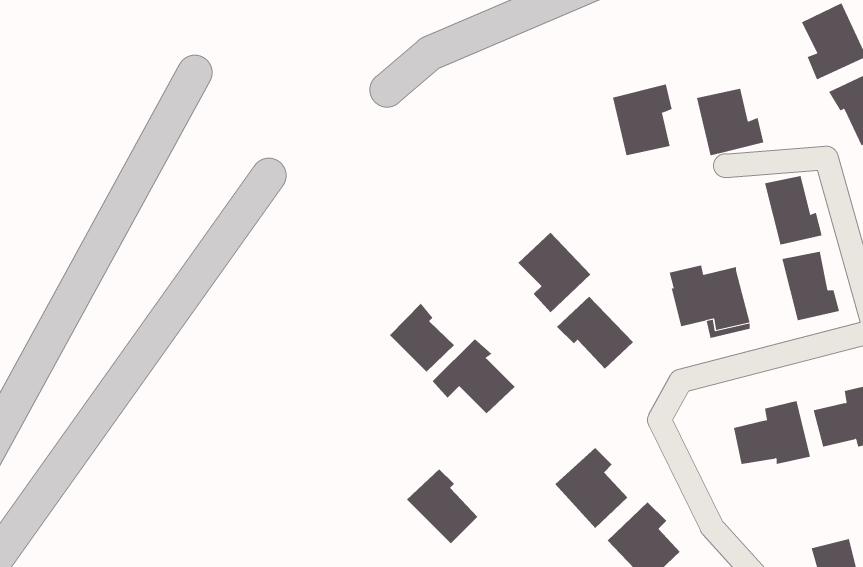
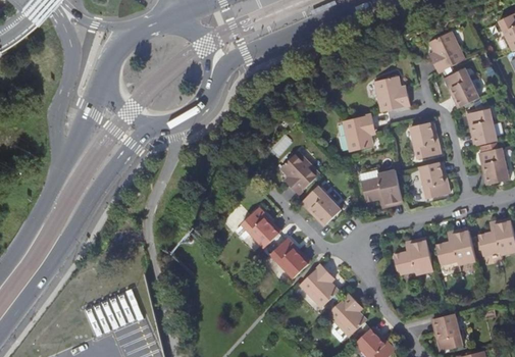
building: [612,84,672,156] -> [342,114,373,152]
building: [389,303,455,373] -> none
building: [406,468,478,544] -> [269,239,307,278]

